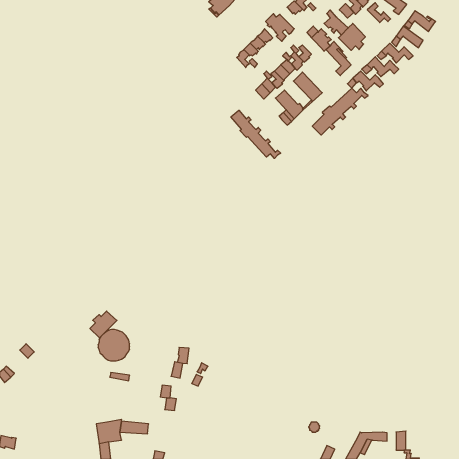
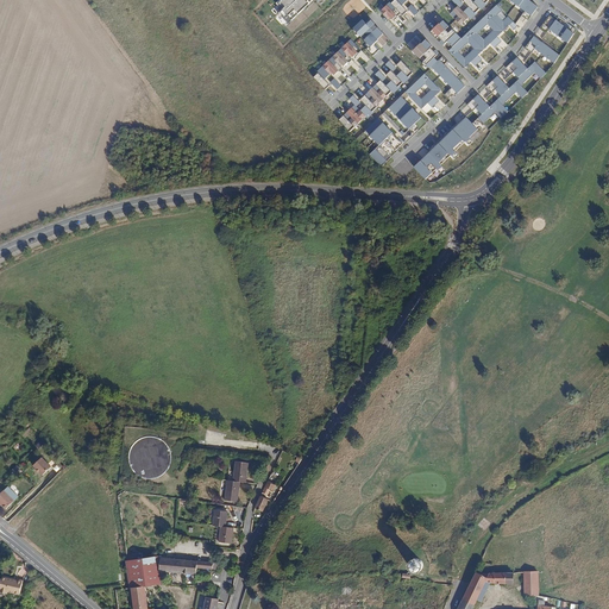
building: none -> [466,13,502,49]
building: none -> [404,73,440,108]
building: [231,110,281,158] -> none
building: [90,311,117,338] -> none

